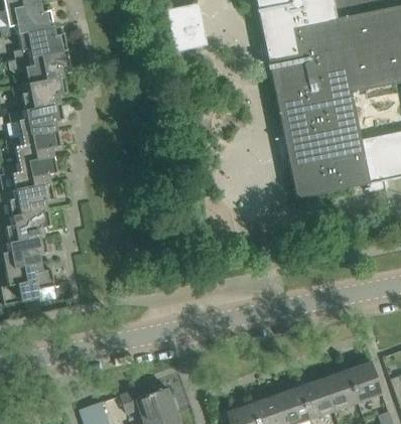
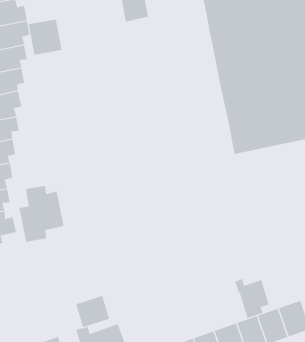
building: none -> [28,19,62,55]
building: none -> [19,185,64,243]
building: none -> [234,278,270,319]
building: none -> [76,295,110,328]

